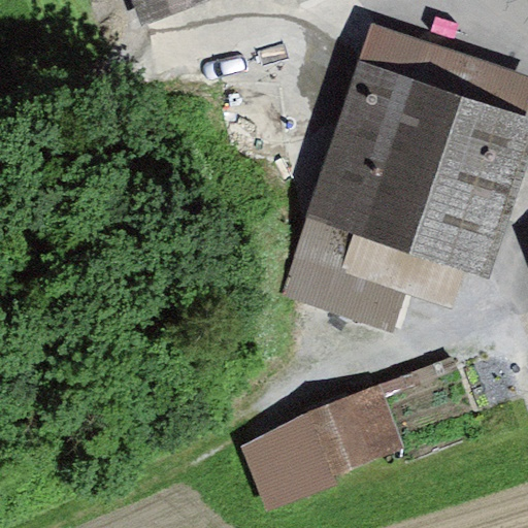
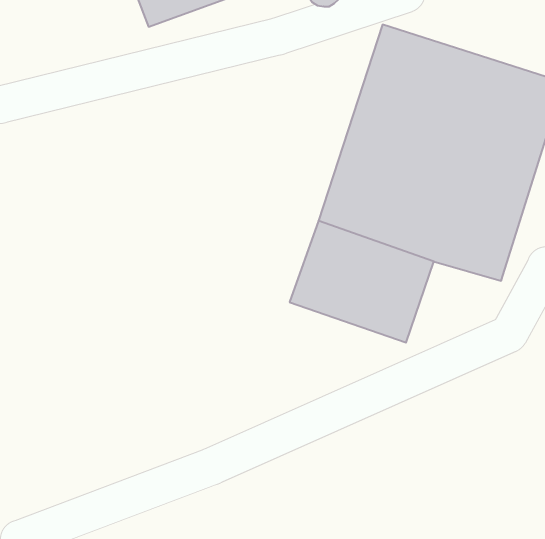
building: [244,392,407,510] -> none

